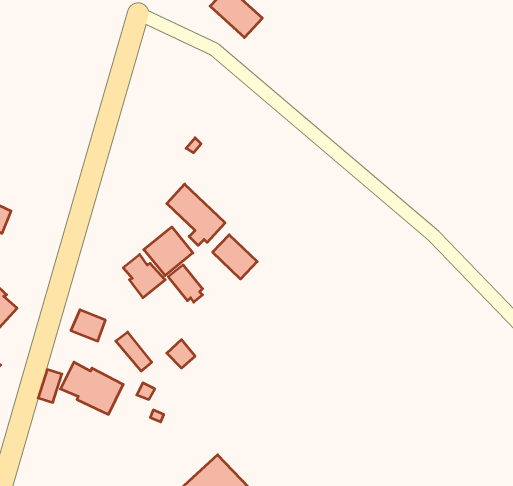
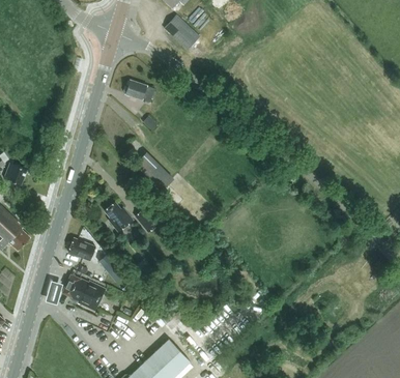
building: none -> [124,79,155,100]
building: [144,227,193,276] -> none
building: [213,235,257,279] -> none

